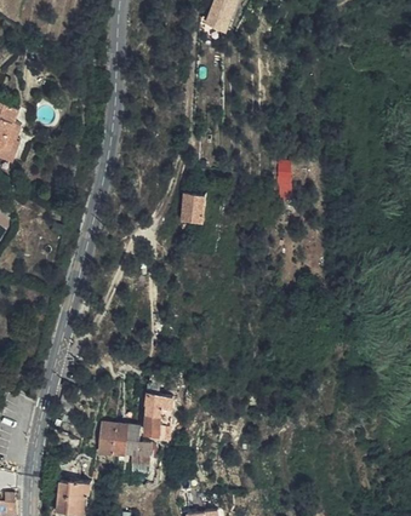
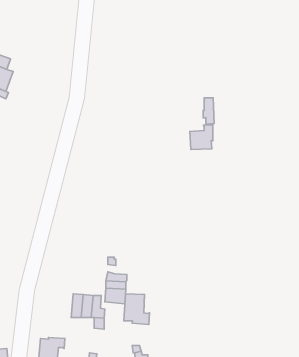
building: [181,193,205,222] -> none
building: none -> [190,125,213,149]
building: none -> [124,294,150,325]

